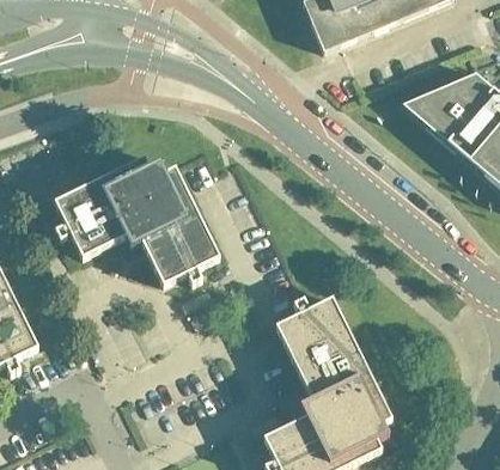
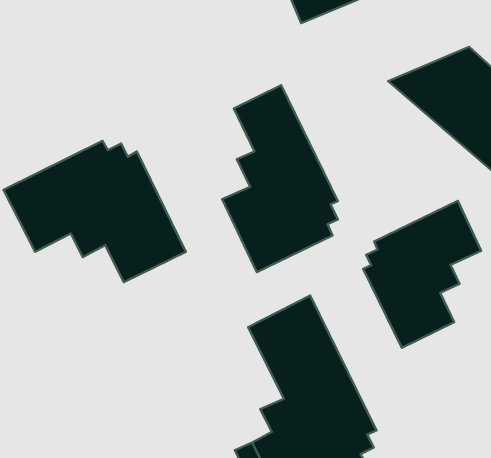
building: none -> [222,85,338,272]
building: none -> [363,201,481,348]

